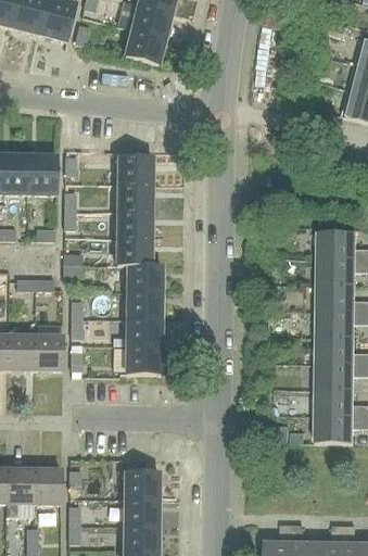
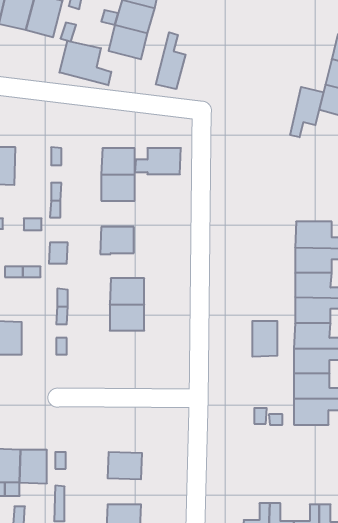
building: none -> [156,32,186,89]
building: none -> [59,41,111,85]
building: none -> [290,87,323,137]
building: [27,155,56,194] -> none
building: [104,211,152,238] -> [135,148,181,174]
building: [127,264,163,291] -> none
building: [35,328,63,370] -> none
building: none -> [252,321,277,357]
building: [126,345,162,374] -> none
building: [124,498,158,526] -> none

